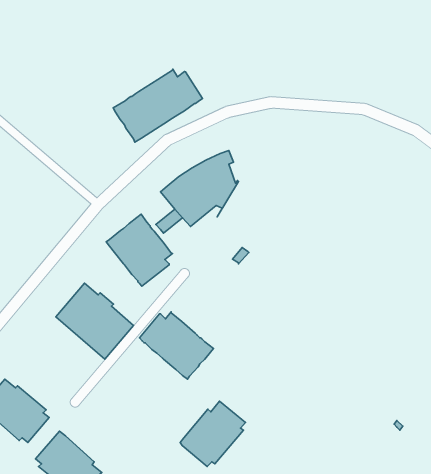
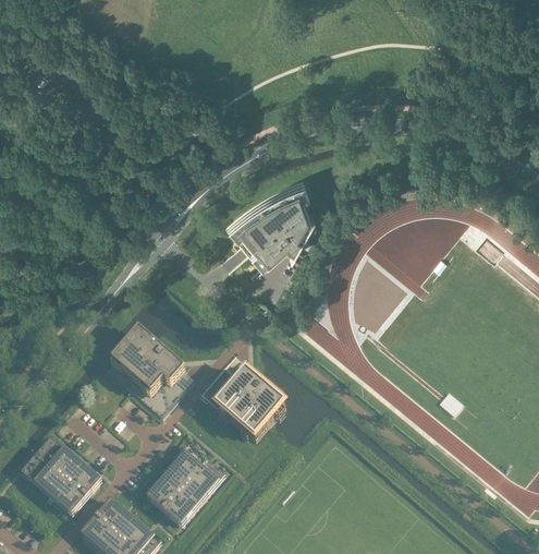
building: [113,69,202,142] -> none
building: [106,214,173,286] -> none
building: [180,401,245,467] -> [148,447,222,521]

